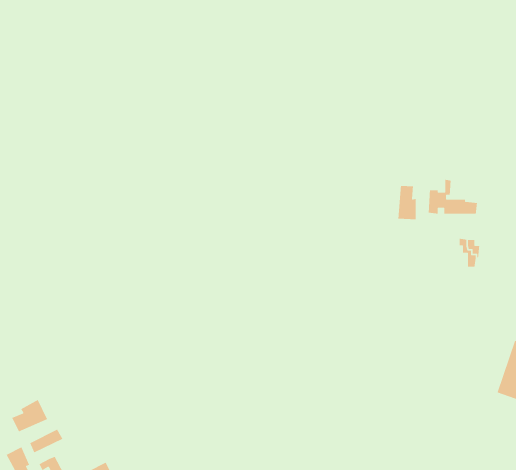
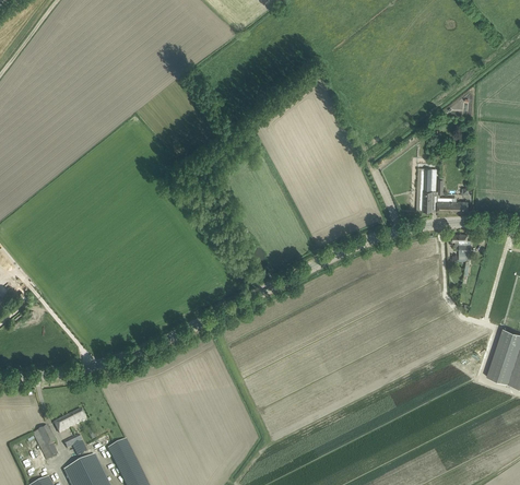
building: [397,185,417,220] -> none
building: [11,399,48,432] -> none

